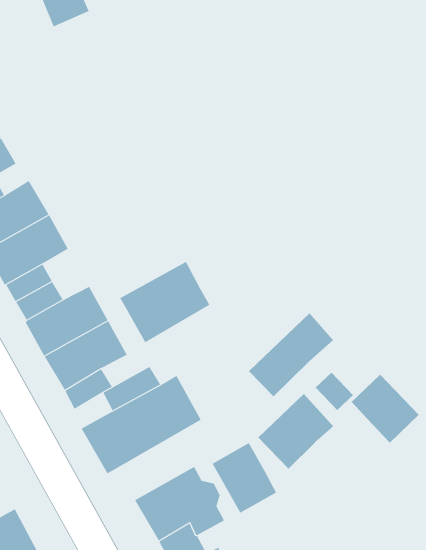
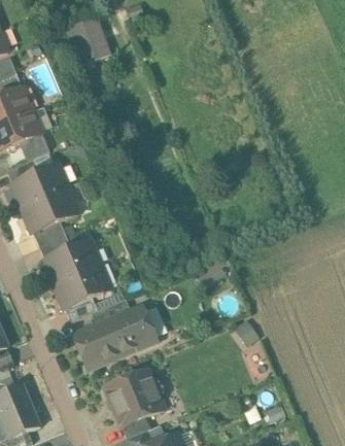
building: [120,261,210,343] -> none
building: [248,313,334,397] -> none
building: [351,374,420,443] -> none
building: [257,393,334,470] -> none
building: [212,443,277,514] -> none

